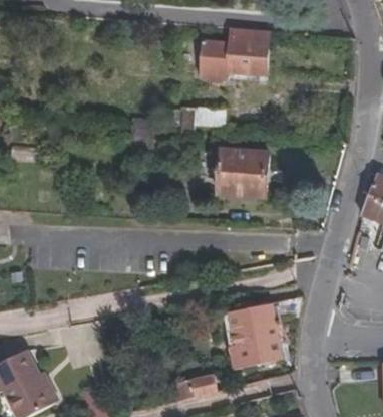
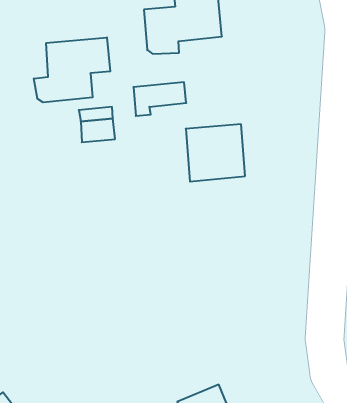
building: none -> [34,37,110,102]
building: [229,297,301,368] -> none

